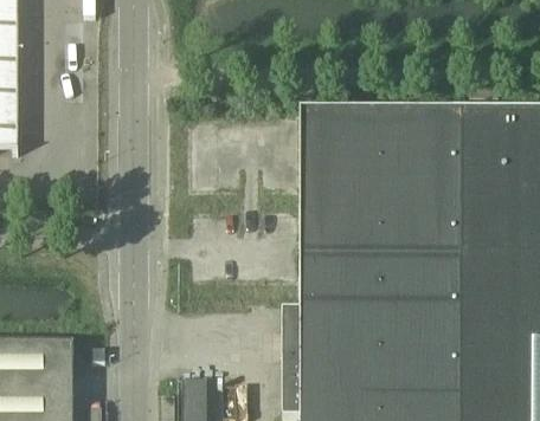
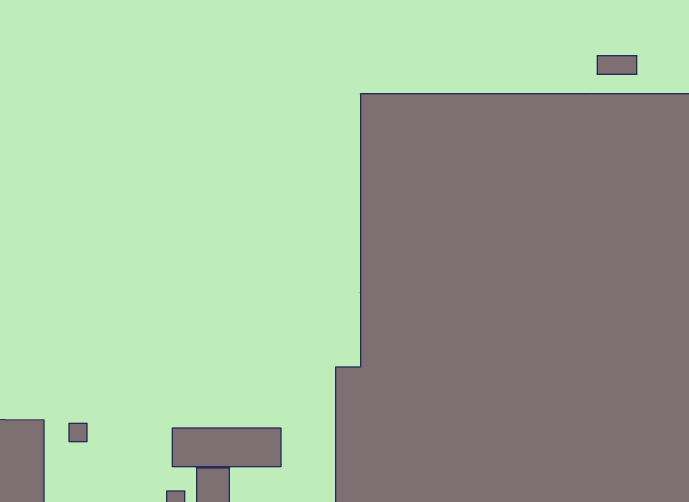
building: none -> [172,428,281,467]

